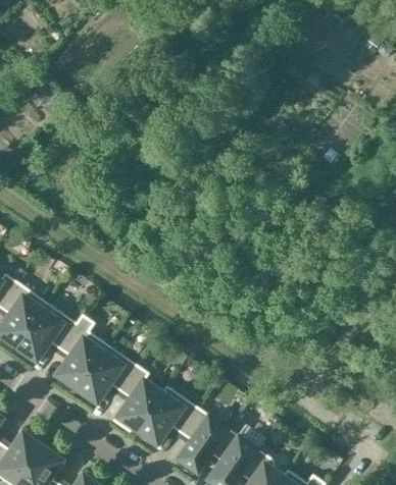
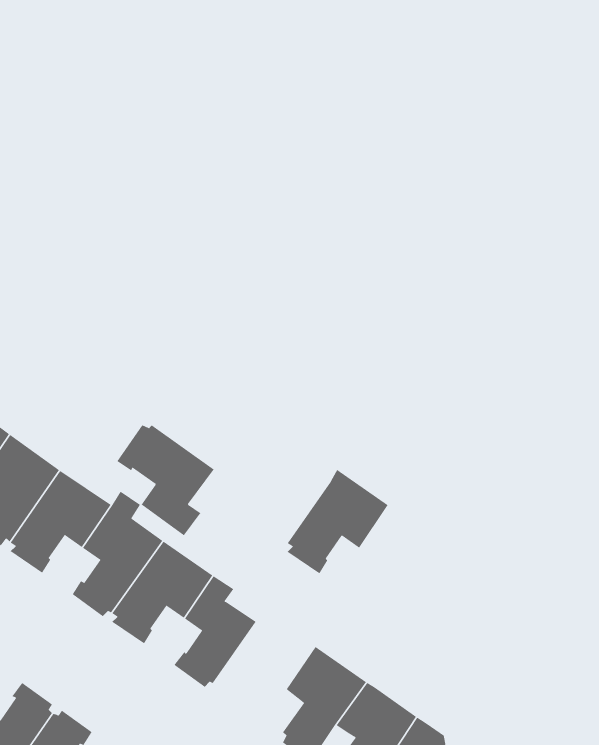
building: none -> [117,424,215,536]
building: [137,385,197,447] -> [287,469,389,574]

